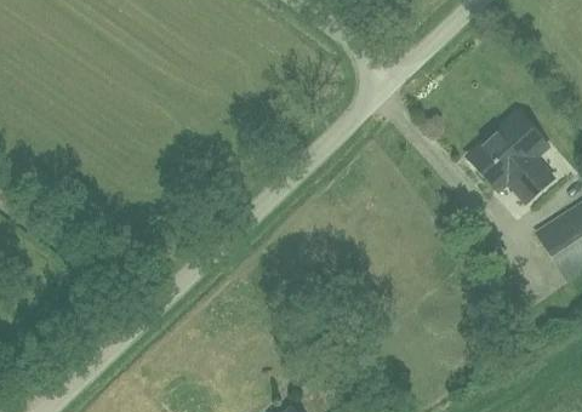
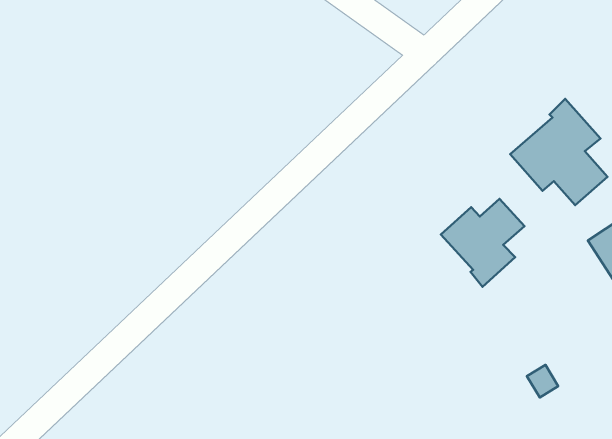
building: none -> [441,199,524,287]

